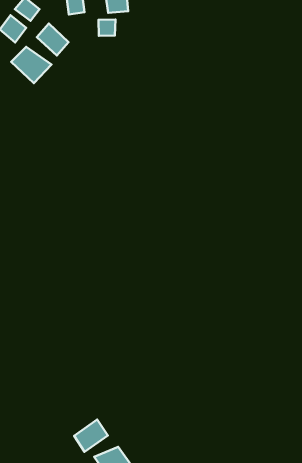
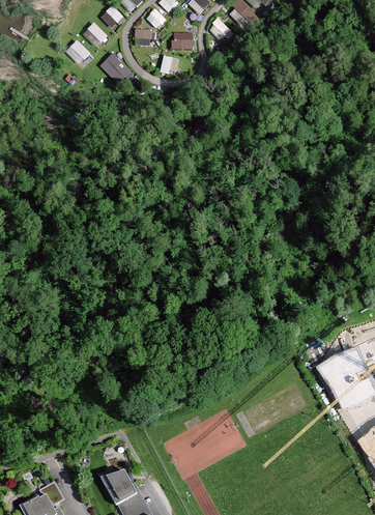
building: [11,47,52,83] -> none
building: [74,420,108,452] -> none

